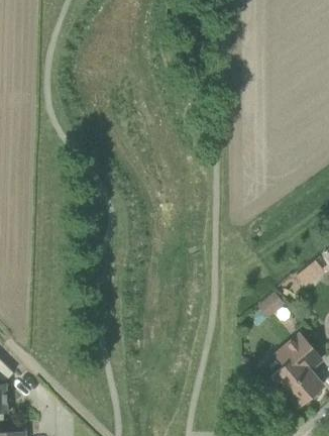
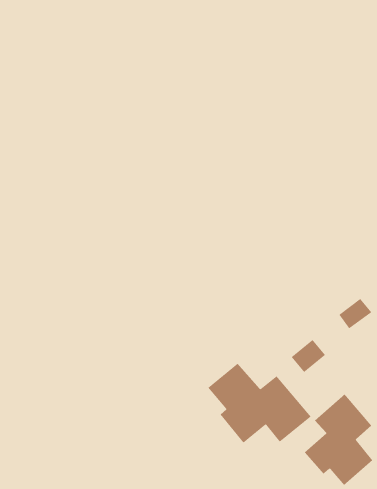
building: none -> [208,363,311,444]

